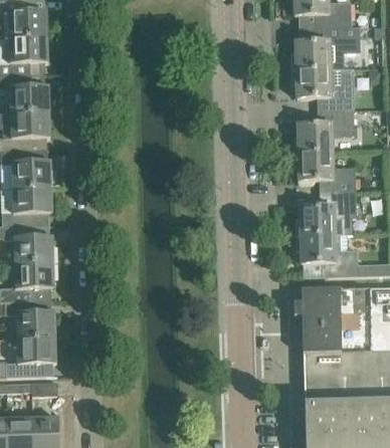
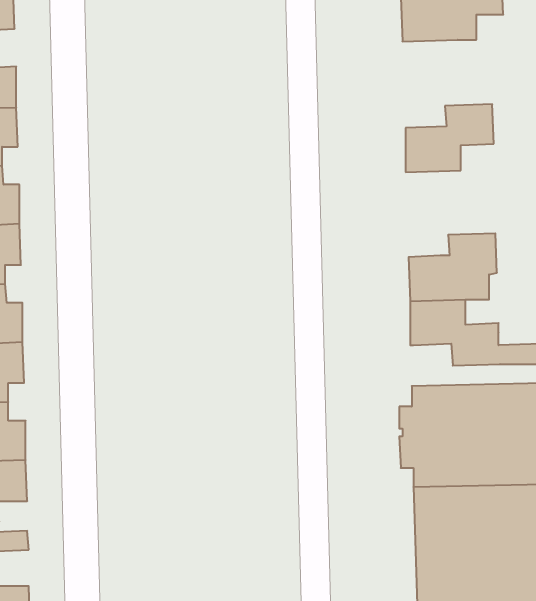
building: [296,68,353,110] -> none
building: [298,152,355,193] -> none

